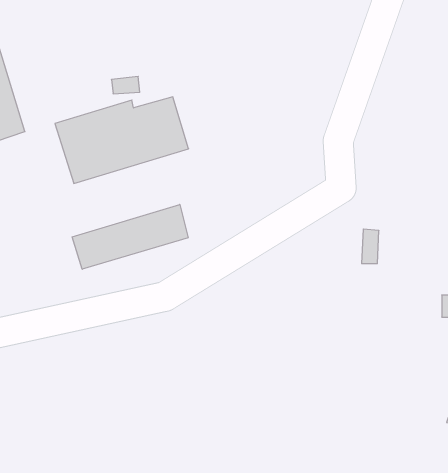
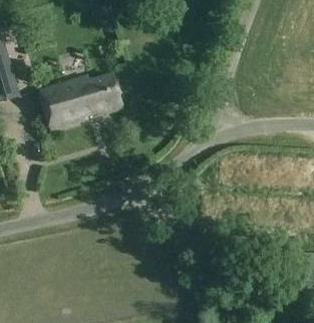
building: [72,204,188,269] -> none

